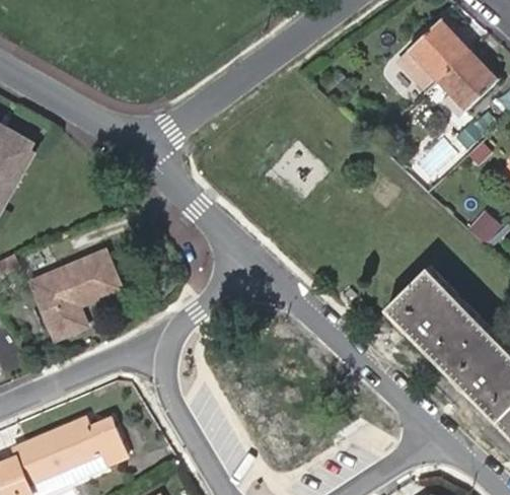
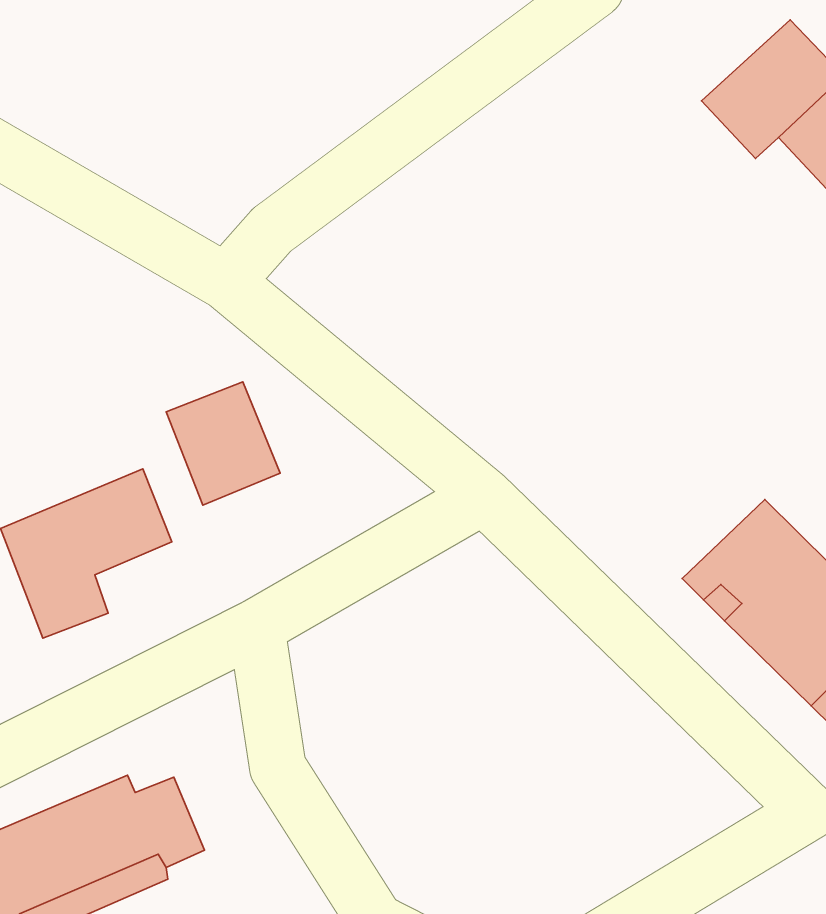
building: none -> [166,382,280,505]

